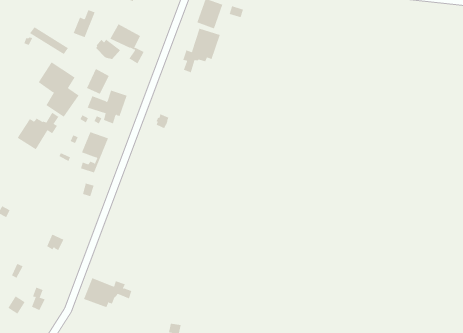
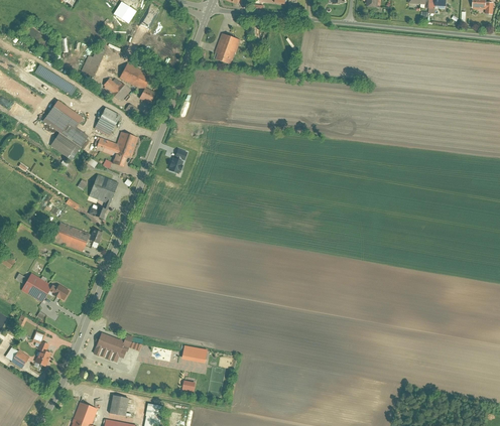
building: [182,28,221,73] -> none
building: [17,112,59,150] -> none
building: none -> [53,223,90,251]
building: none -> [20,274,52,303]
building: none -> [181,346,208,366]

